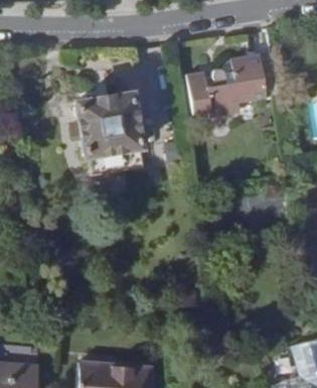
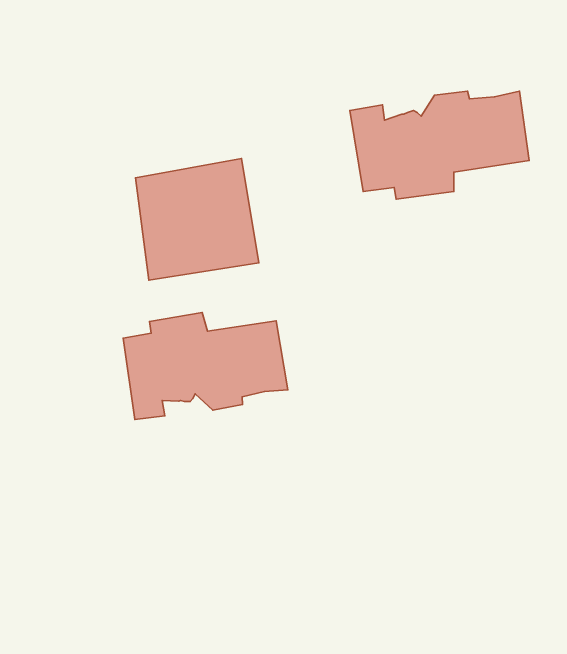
building: none -> [123,313,288,420]

